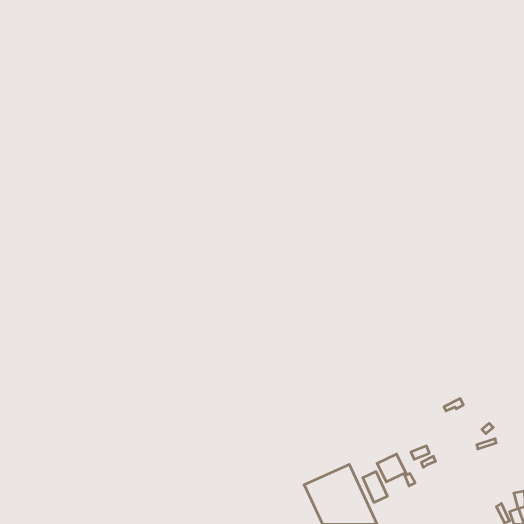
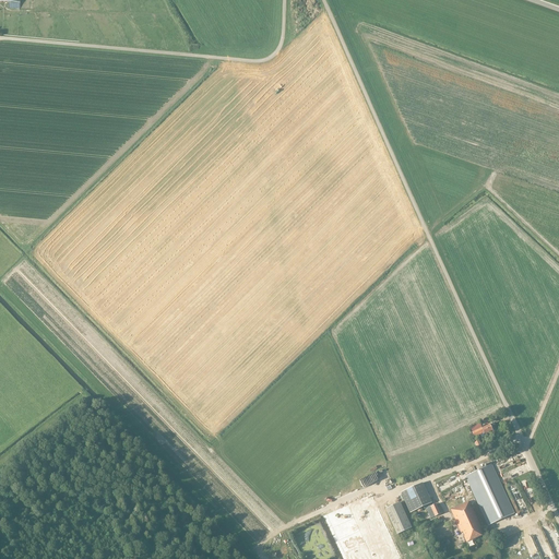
building: none -> [466,464,514,524]
building: none -> [451,500,485,542]

